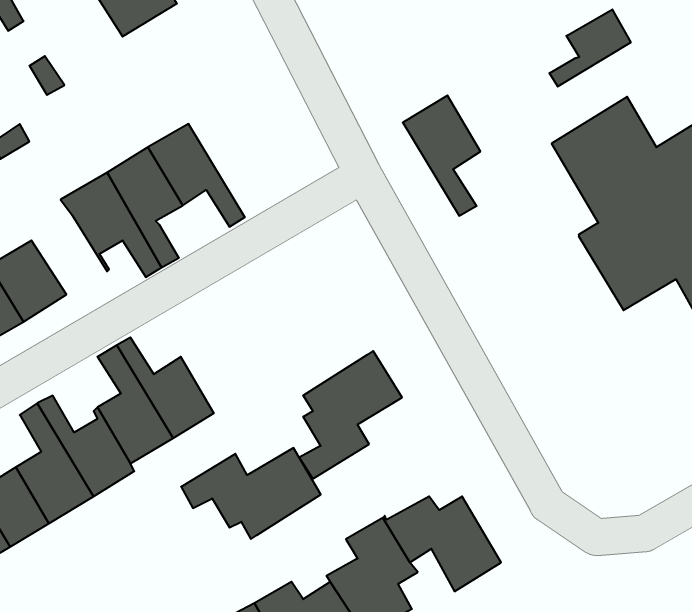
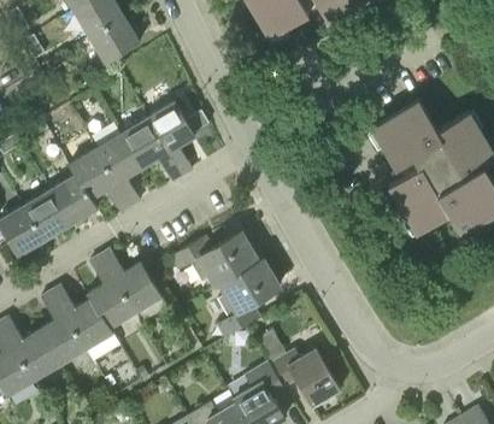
building: [549,9,631,87] -> none
building: [403,95,480,216] -> [147,101,195,176]
building: none -> [49,175,96,224]
building: [181,448,321,539] -> [171,232,258,289]

